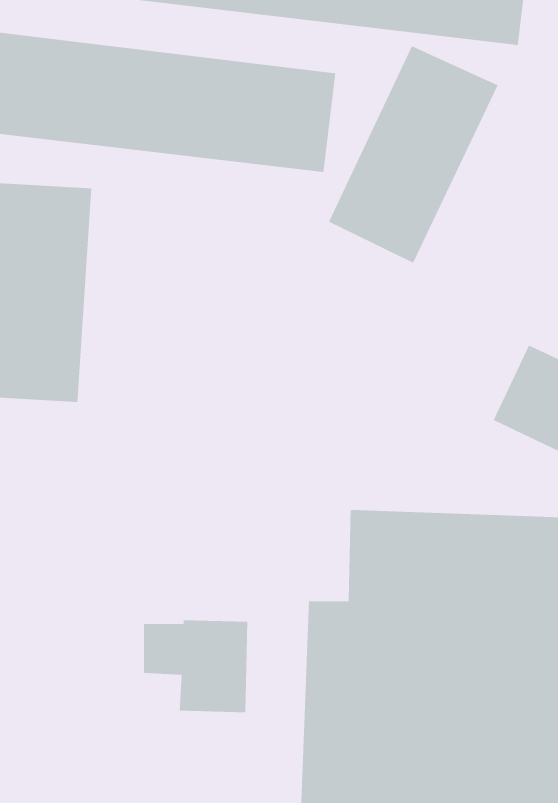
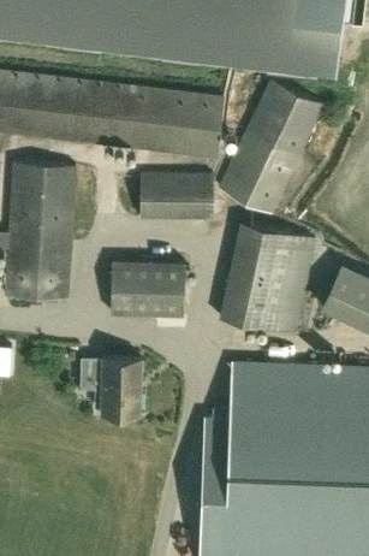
building: none -> [139,173,213,218]
building: none -> [219,220,316,333]
building: none -> [111,260,185,317]
building: [143,620,248,713] -> [78,356,142,413]

